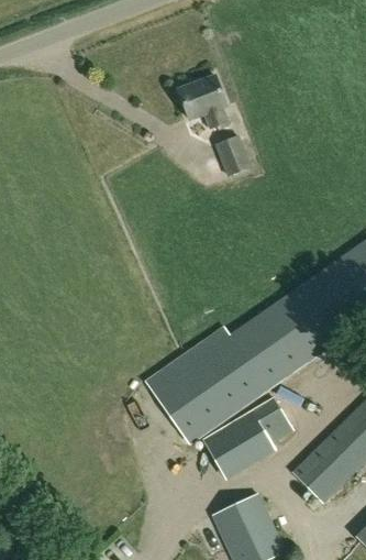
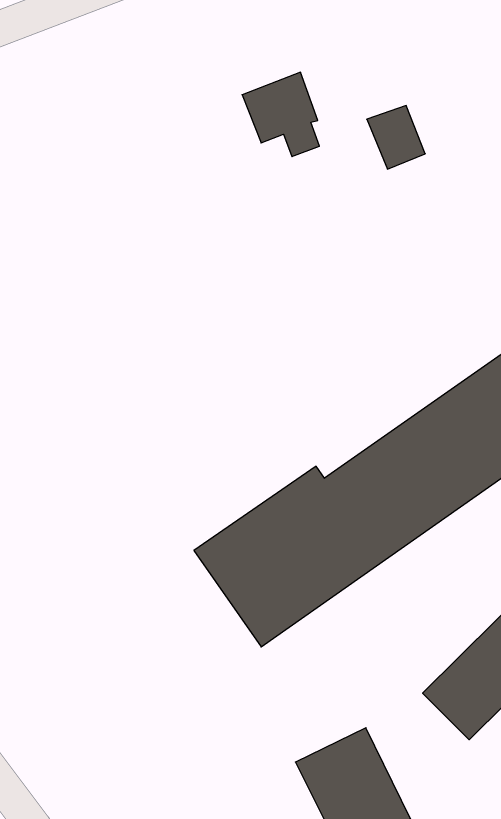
building: [213,135,251,176] -> [367,106,425,169]
building: [203,398,292,472] -> none

